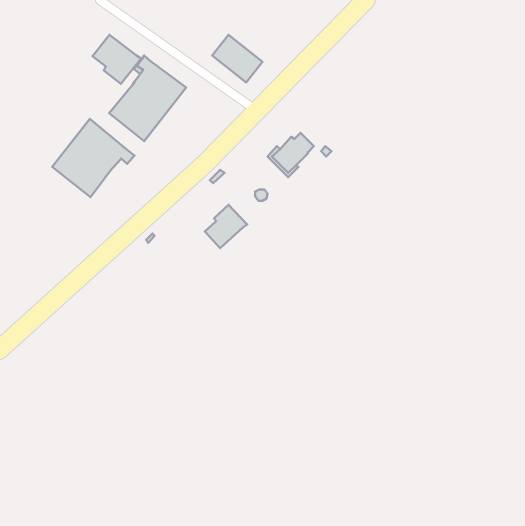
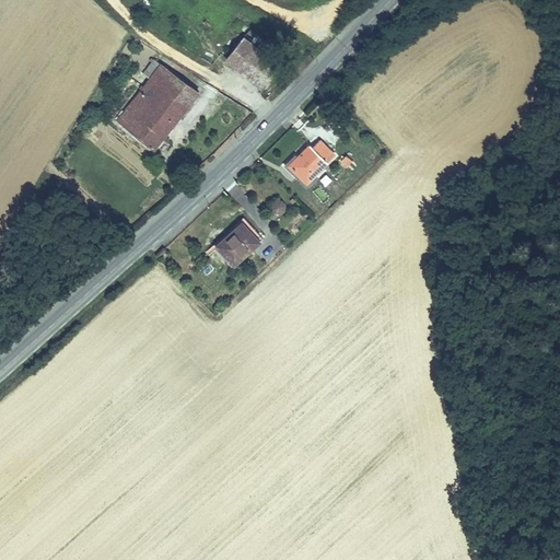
building: [92,35,141,84] -> none
building: [52,119,135,197] -> none

